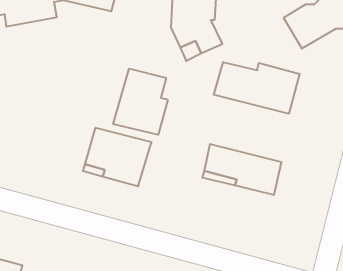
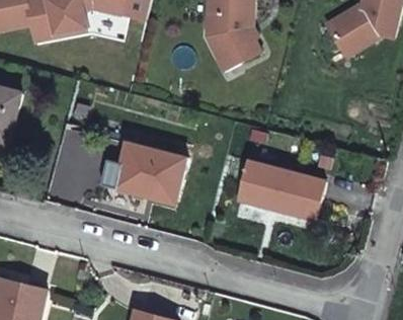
building: [214,62,300,114] -> none
building: [113,69,168,135] -> none

